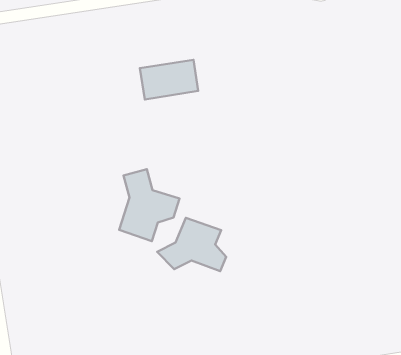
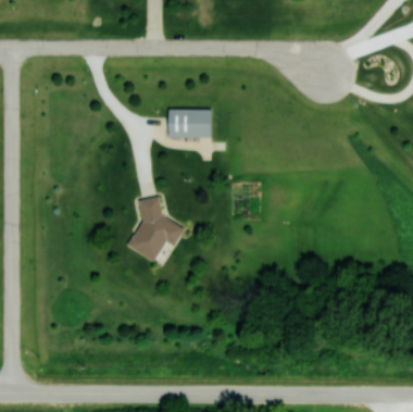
building: [157,218,226,271] -> none

